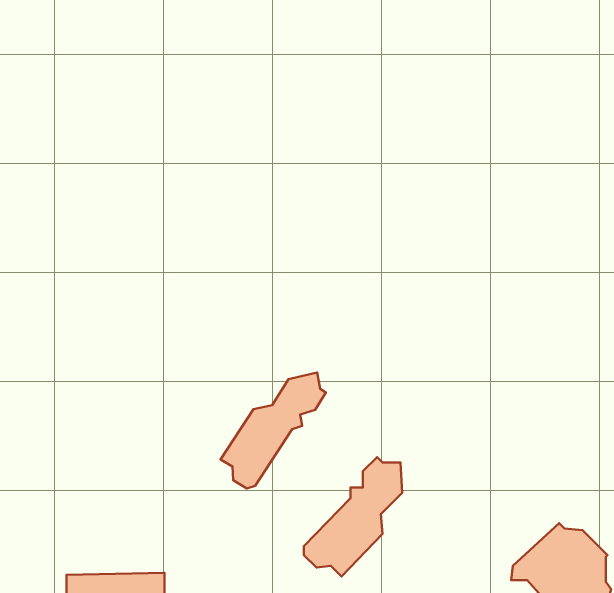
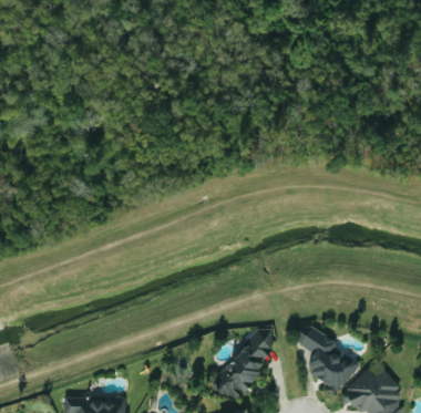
building: [221,372,326,488] -> none
building: none -> [295,329,360,393]

